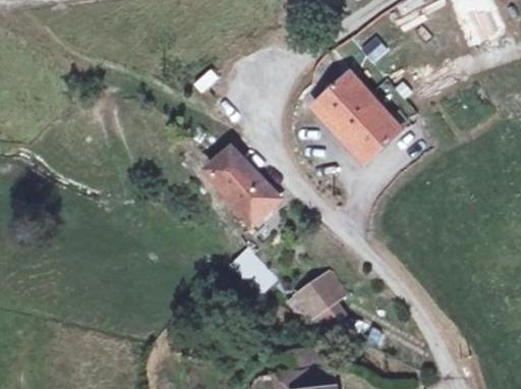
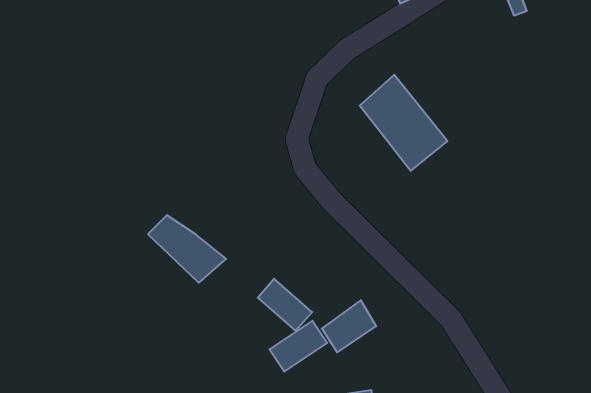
building: [211,162,278,220] -> [148,215,226,283]
building: none -> [269,321,327,372]

